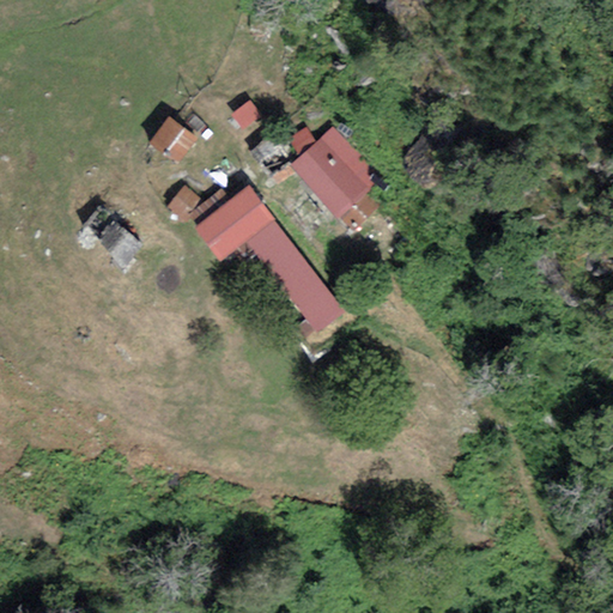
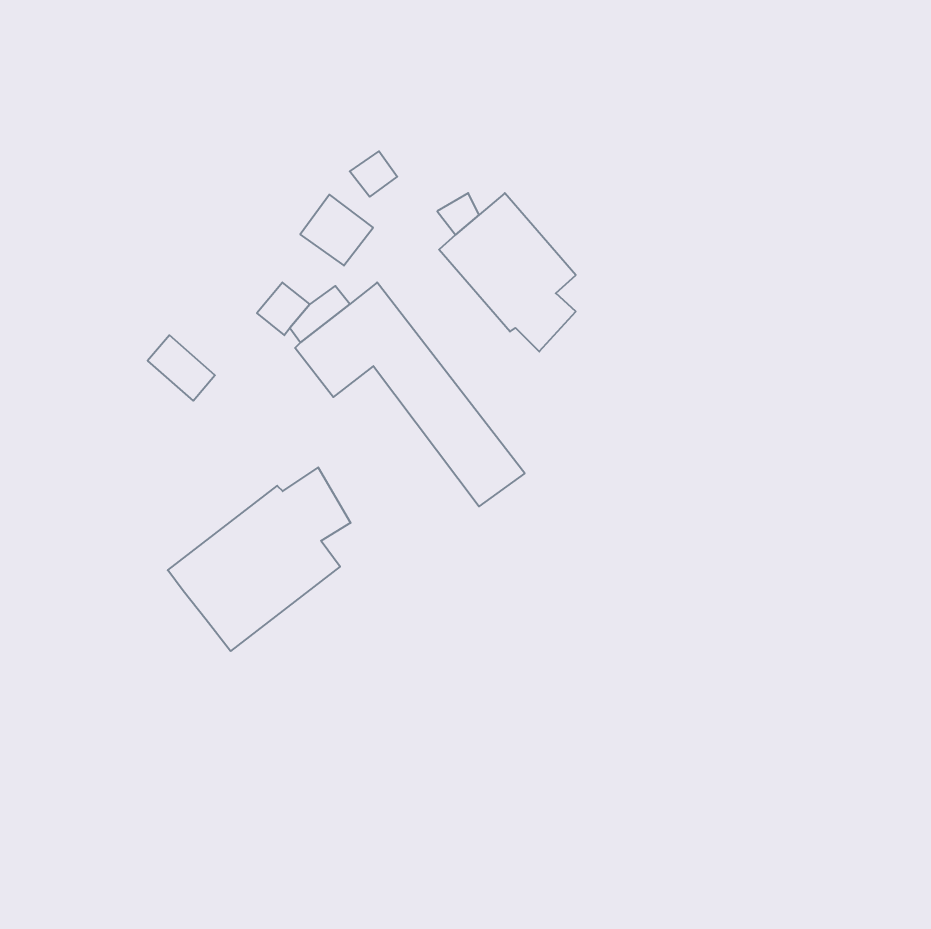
building: [150,116,198,163] -> [300,195,373,266]
building: none -> [168,467,351,651]

